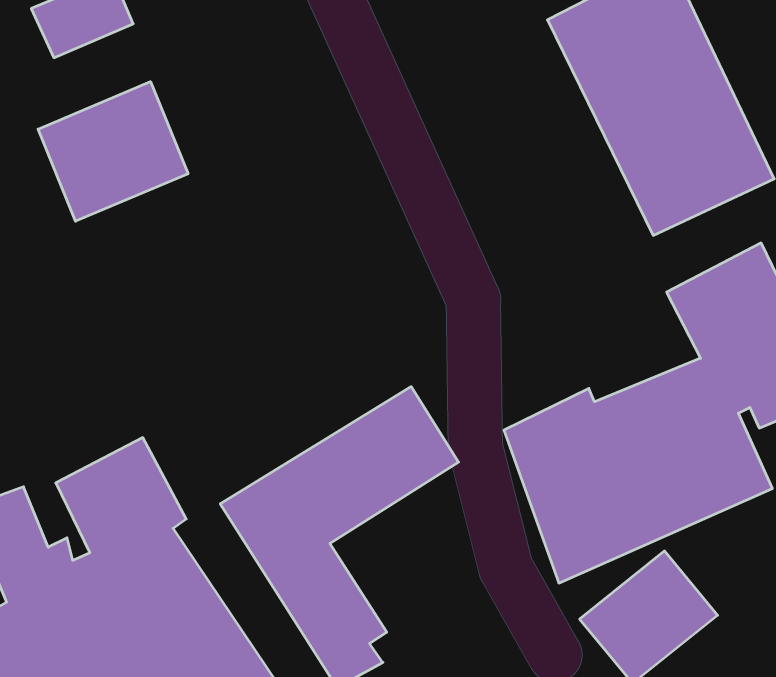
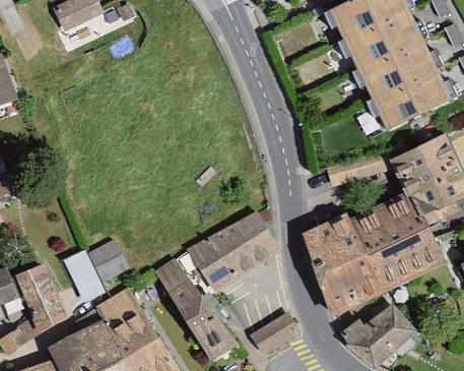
building: [38,82,188,221] -> none
building: none -> [248,312,301,359]

